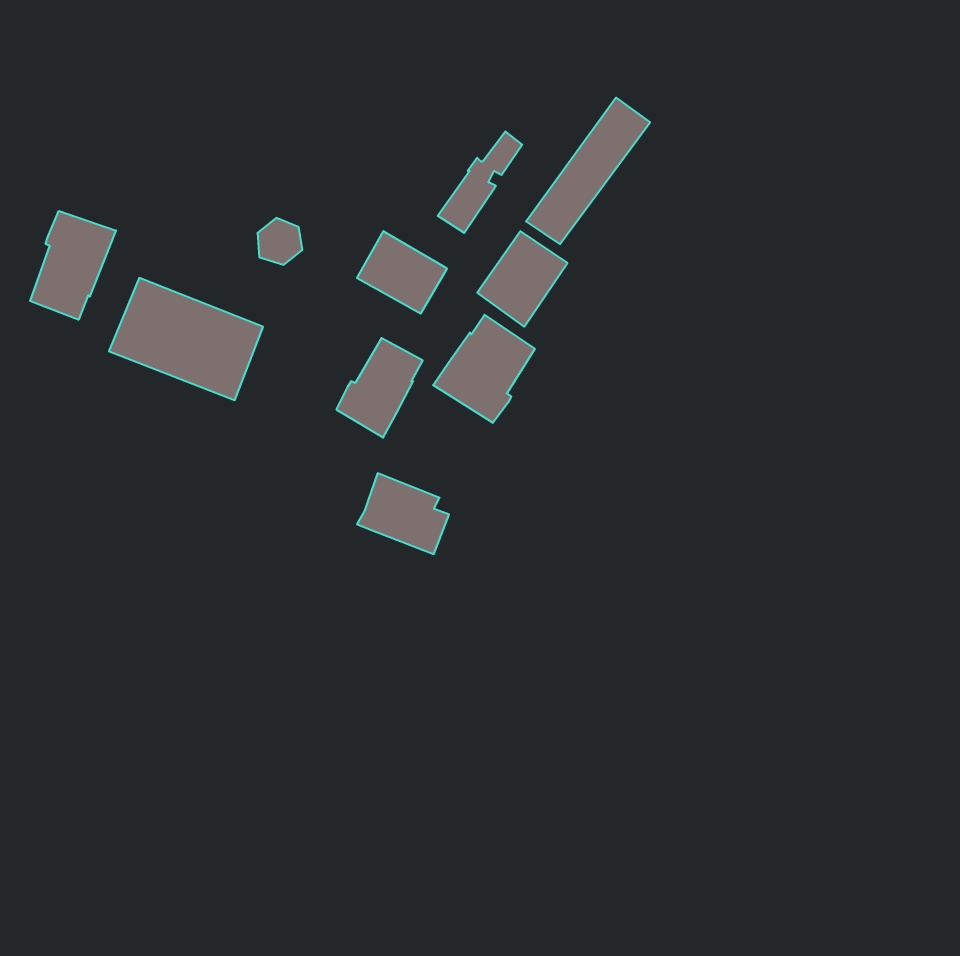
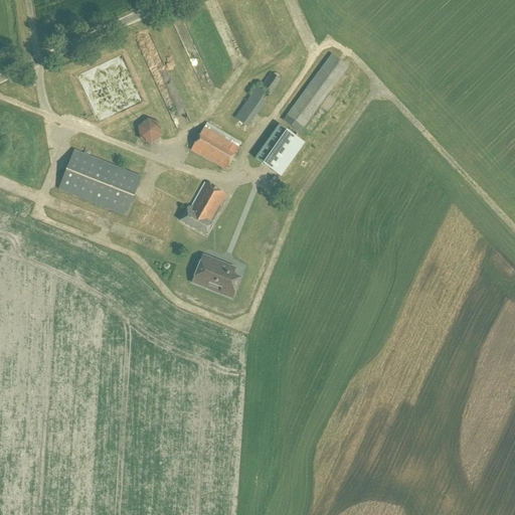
building: [30,211,116,320] -> none
building: [433,315,535,423] -> none

